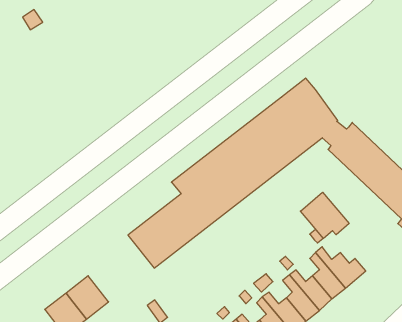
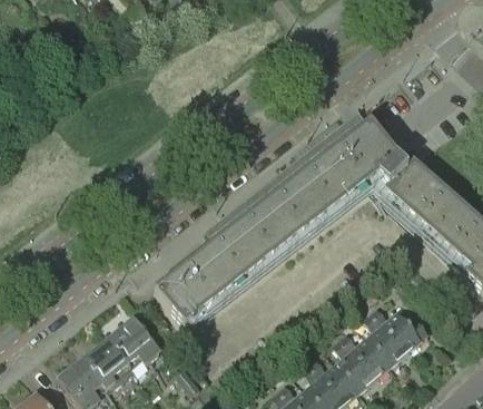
building: [300,192,349,238] -> none
building: none -> [108,321,159,370]

